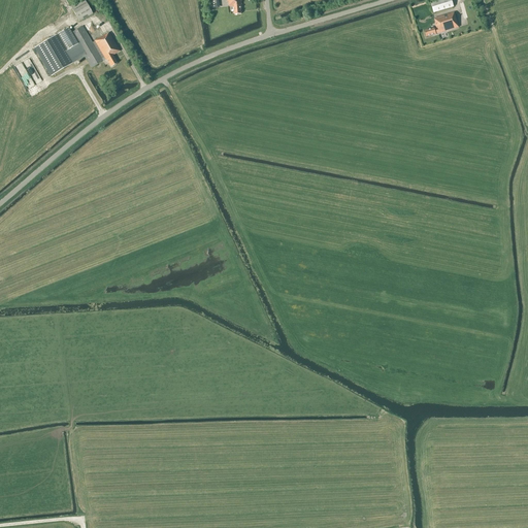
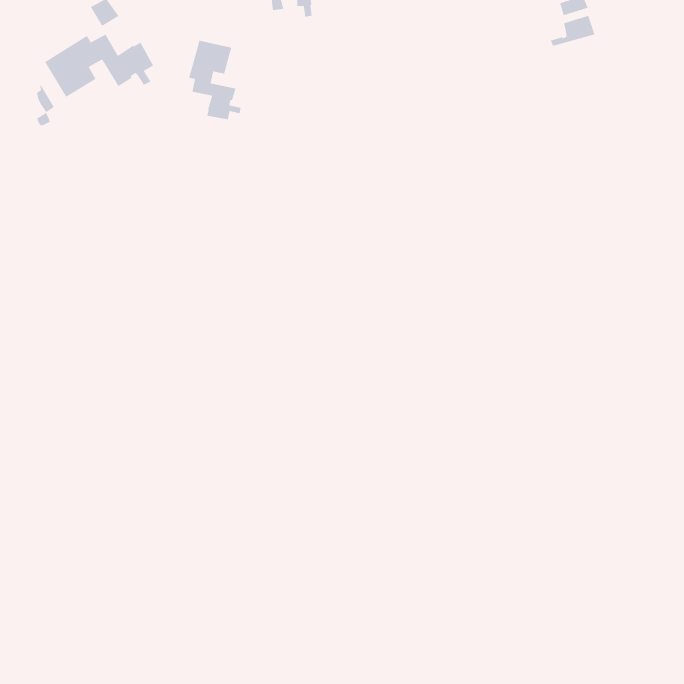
building: none -> [188,40,241,120]

